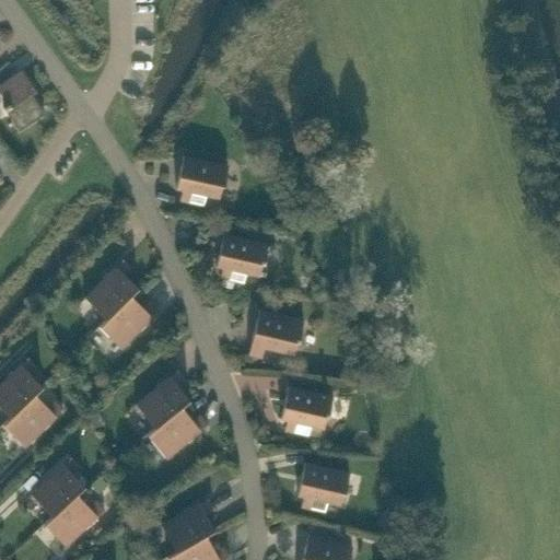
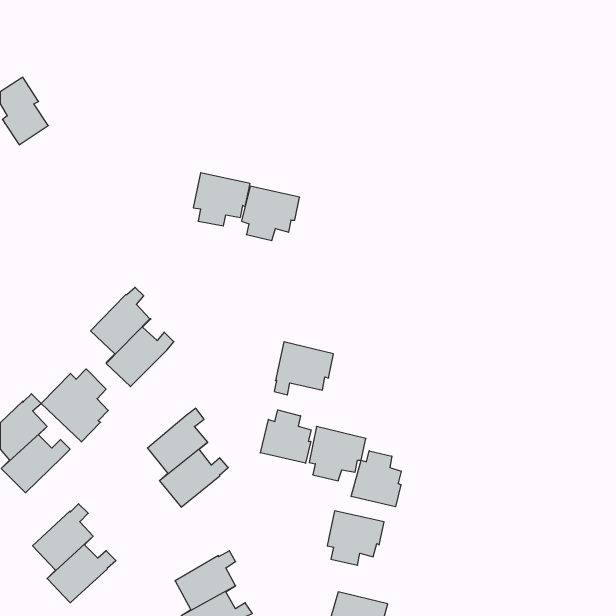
building: [215,235,268,284] -> [242,186,300,241]
building: none -> [41,369,108,442]
building: none -> [260,410,311,463]
building: none -> [351,451,401,507]

